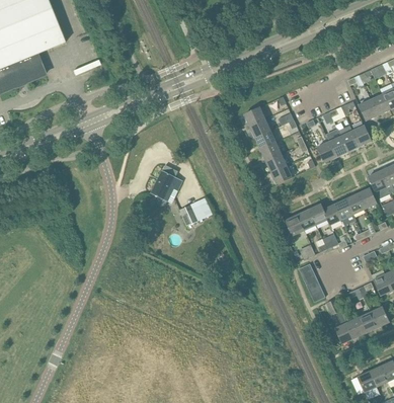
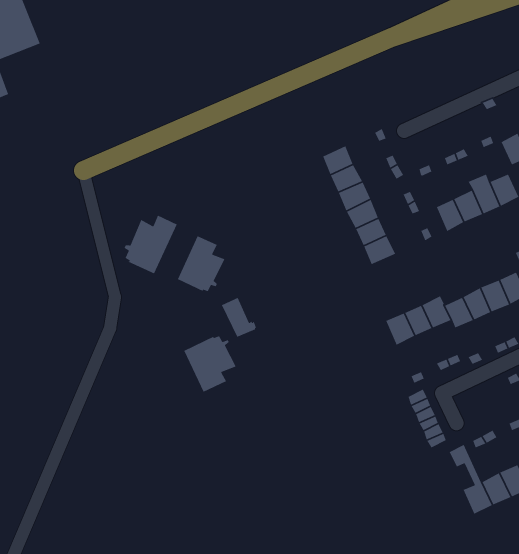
building: none -> [124,214,178,274]
building: none -> [183,335,237,393]

